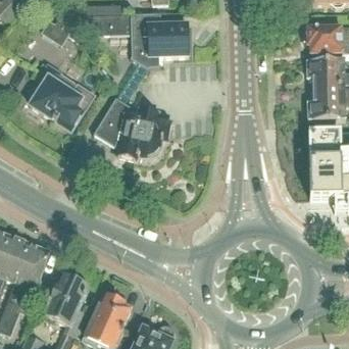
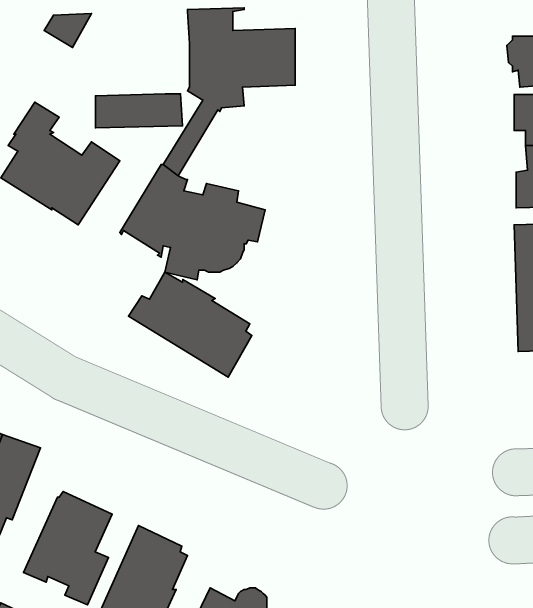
building: [85,13,132,32] -> [96,94,182,128]
building: none -> [129,272,252,377]

